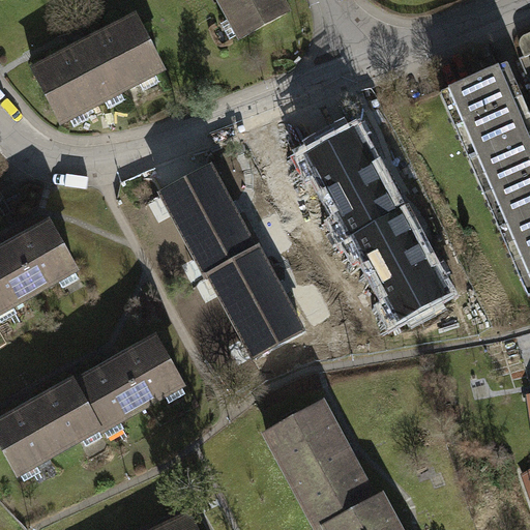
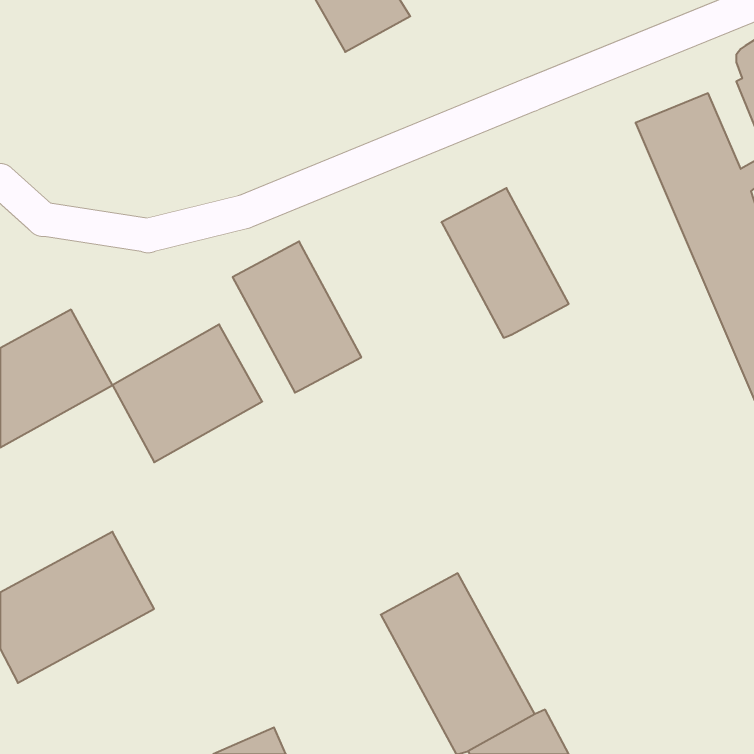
building: [32,17,159,119] -> none
building: [359,210,448,317] -> none
building: [212,247,302,354] -> none
building: [81,329,185,425] -> [113,324,262,462]

